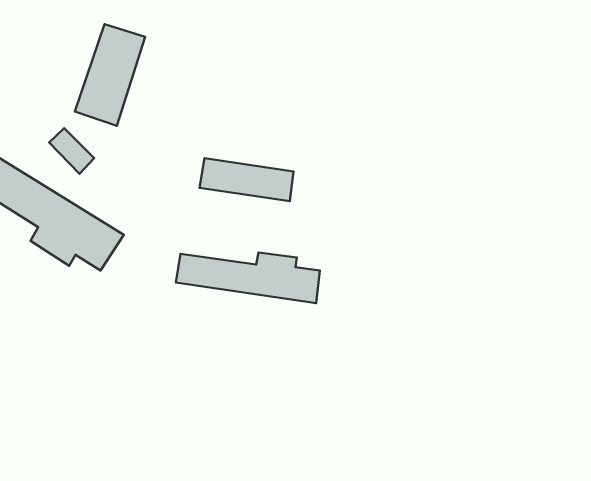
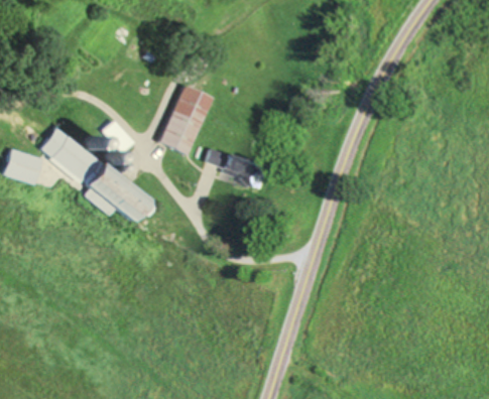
building: [75,24,145,126] -> [159,85,212,155]
building: [176,253,320,303] -> none

